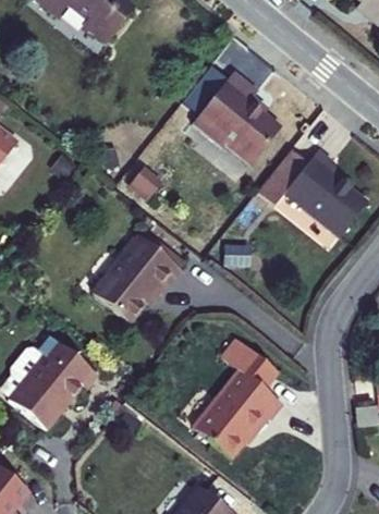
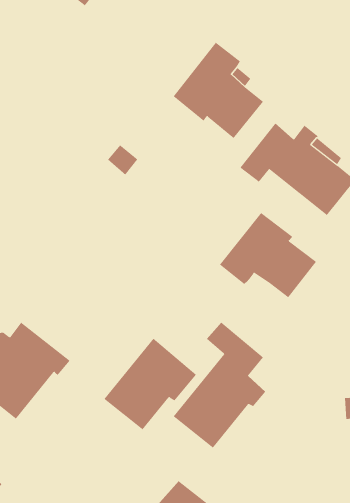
building: none -> [219,212,317,298]
building: [91,235,180,322] -> [104,338,197,430]

